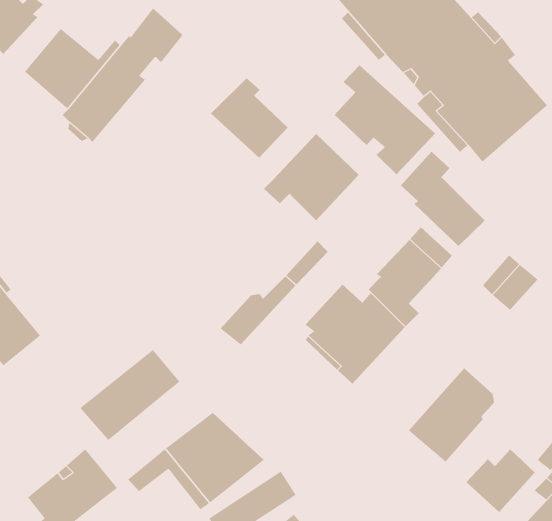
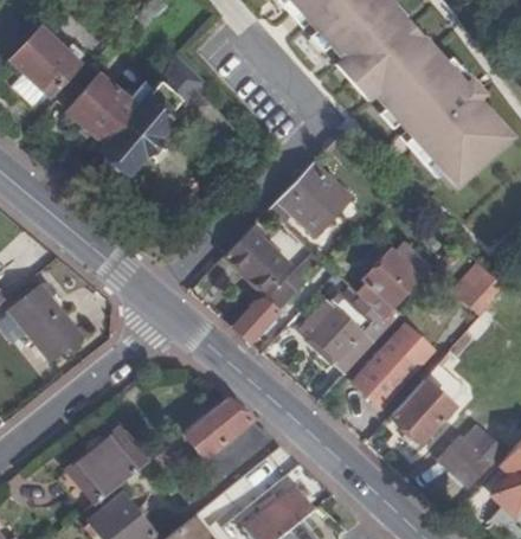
building: [334,64,436,175] -> none
building: [210,77,288,158] -> [225,224,291,293]
building: [400,151,486,247] -> none
building: none -> [354,323,435,406]
building: [80,349,180,441] -> none

